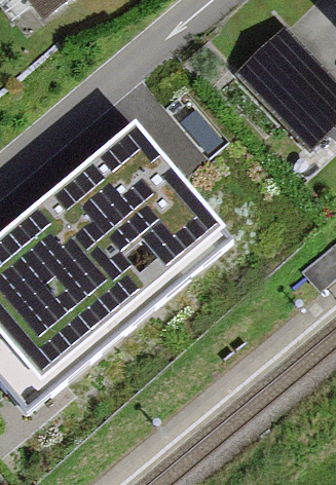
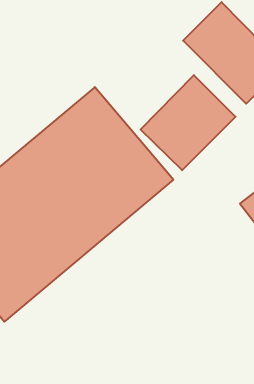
building: none -> [141,75,236,170]

